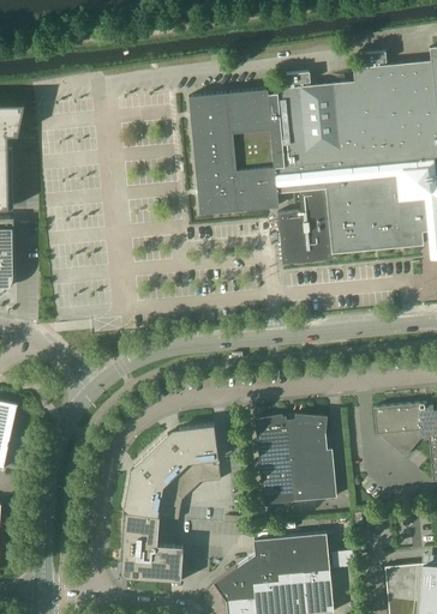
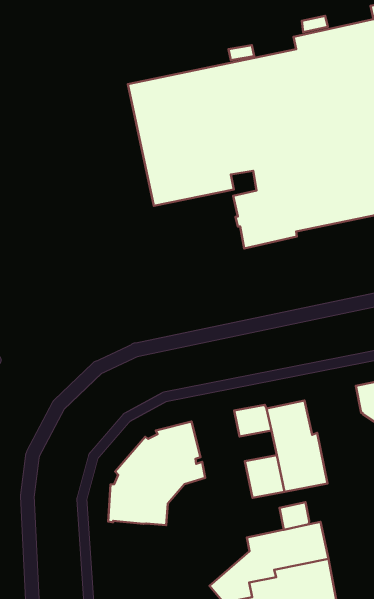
building: [258,441,292,468] -> none
building: [120,511,184,583] -> none
building: none -> [279,502,309,530]

